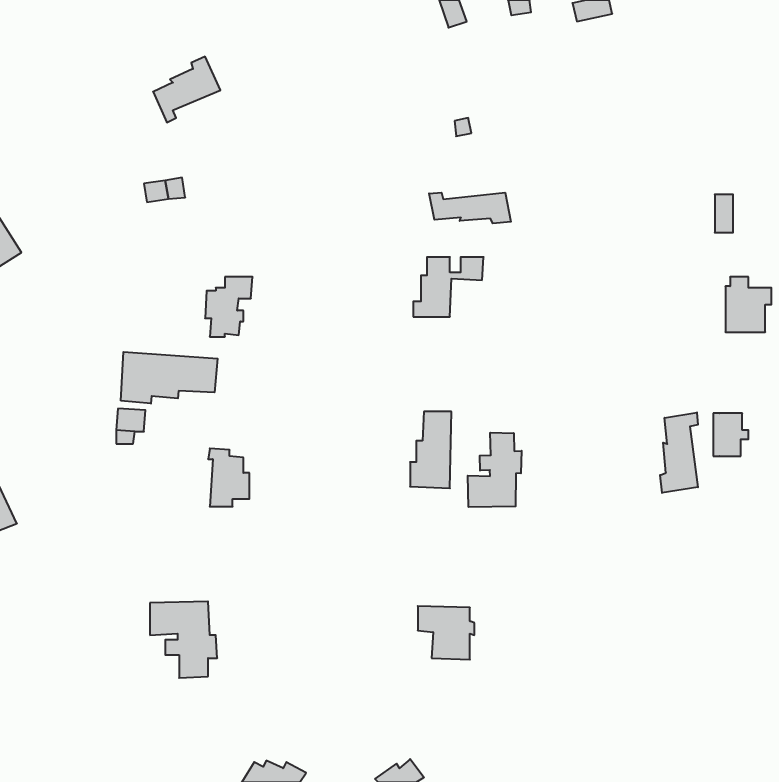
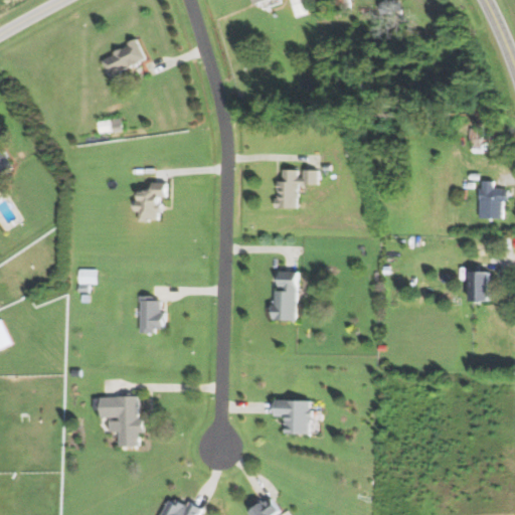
building: [429,193,511,223] -> none
building: [121,352,218,404] -> none
building: [660,412,698,493] -> none
building: [468,433,522,507] -> none

